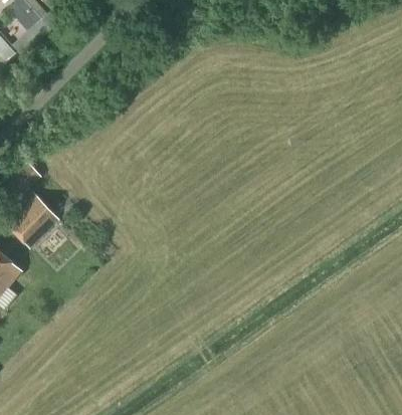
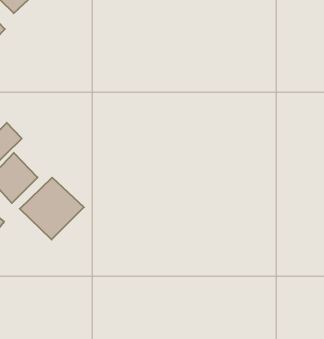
building: none -> [20,178,84,240]

